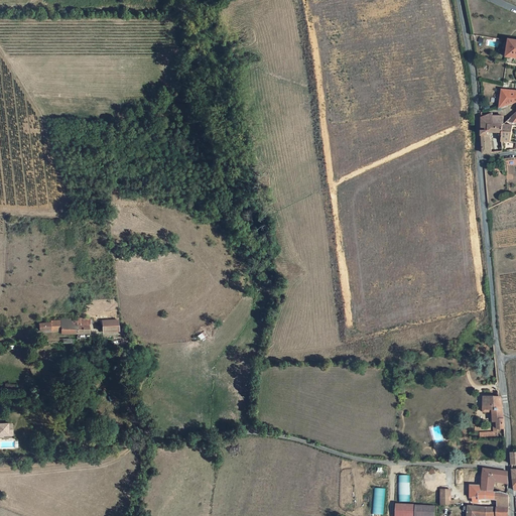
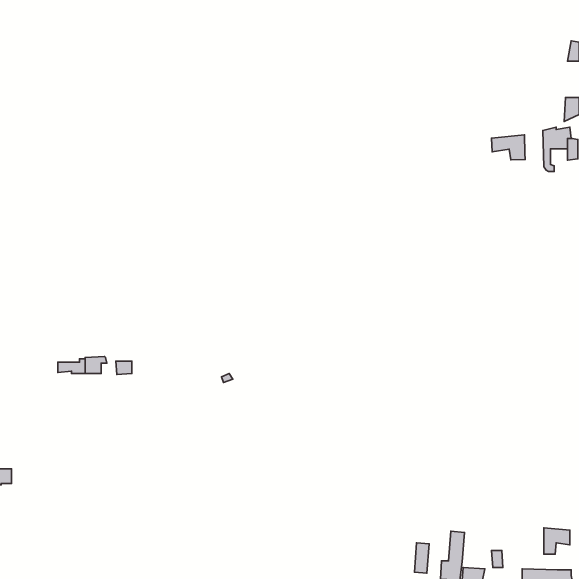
building: none -> [492,135,525,160]
building: [483,398,502,430] -> none
building: [469,486,507,507] -> none

